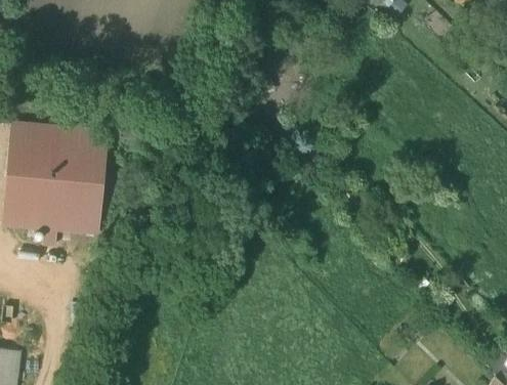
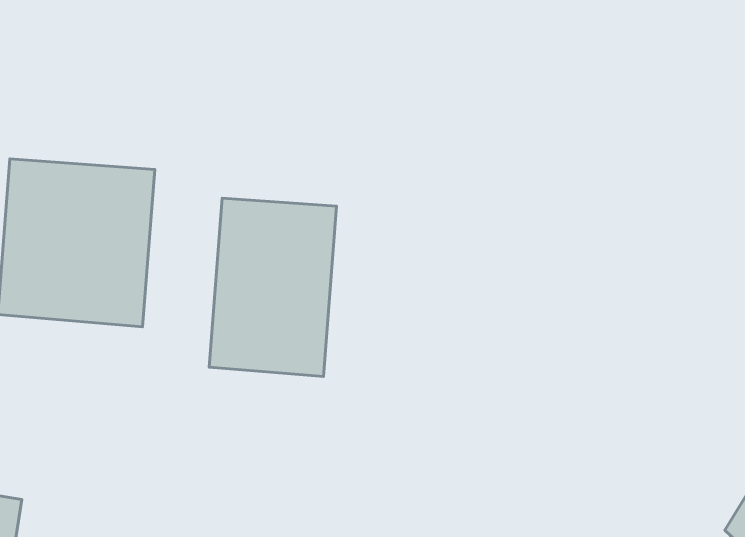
building: none -> [209,198,337,377]

